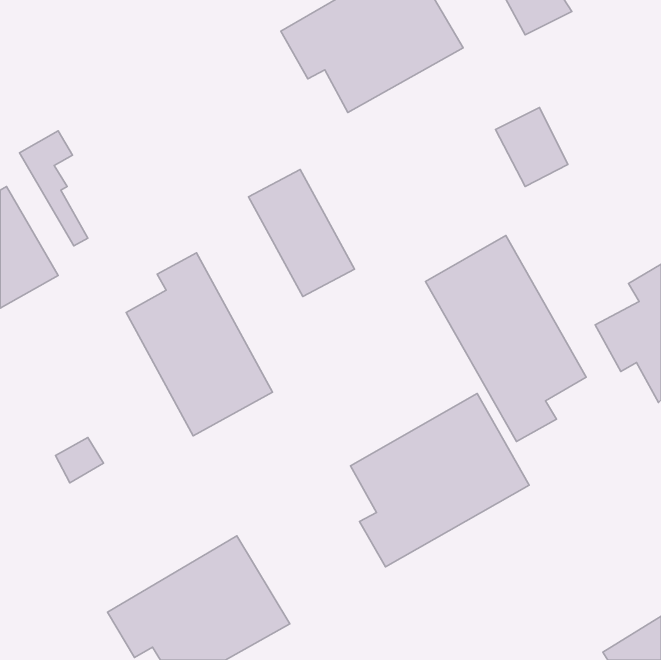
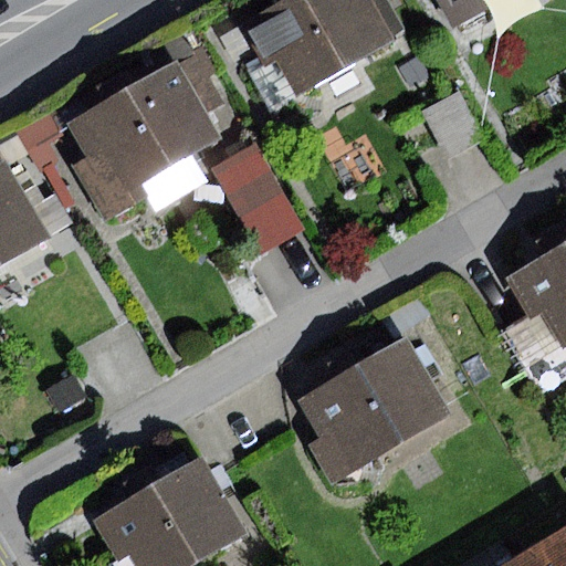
building: none -> [65,56,223,220]
building: [426,235,586,442] -> none
building: [126,253,272,436] -> none

